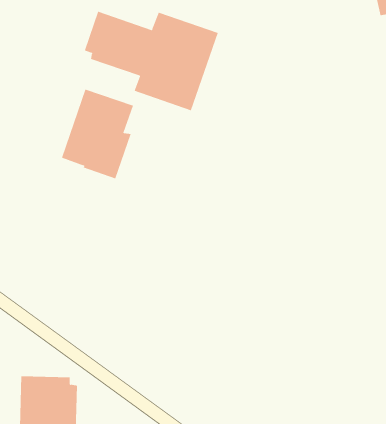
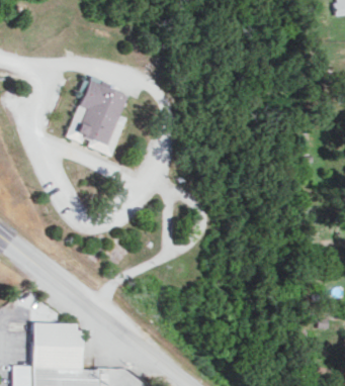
building: [84,11,218,111] -> none

